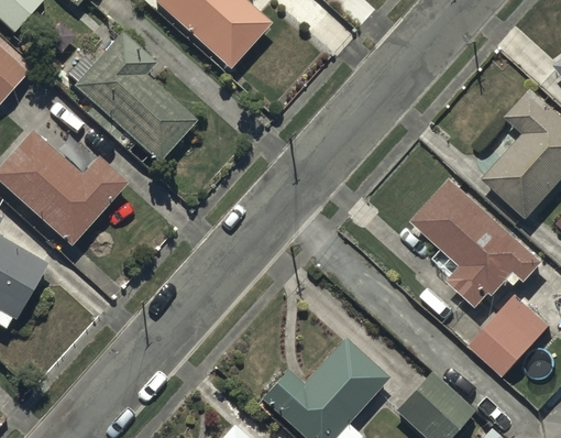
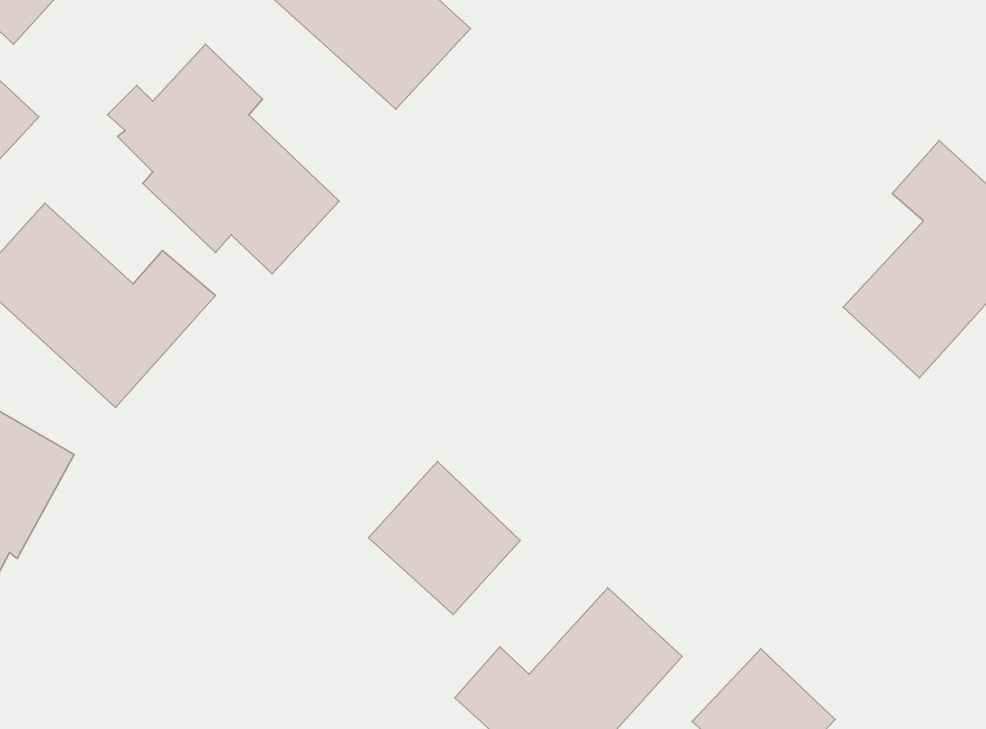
building: [413,180,542,307] -> none
building: none -> [368,462,520,615]
building: [471,293,550,374] -> none

